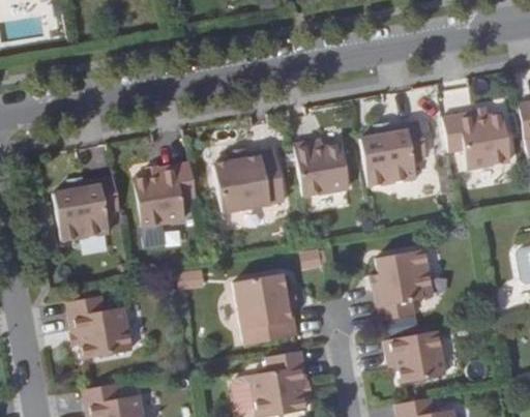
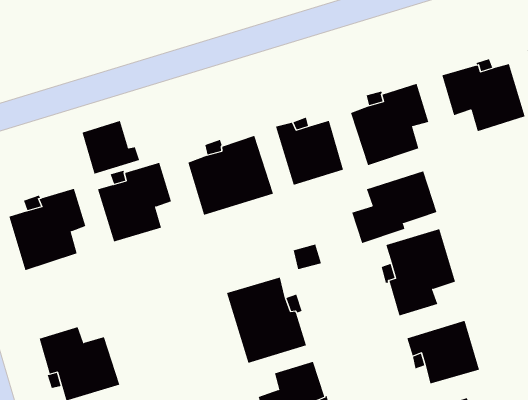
building: none -> [82,120,140,174]
building: none -> [351,171,437,244]

